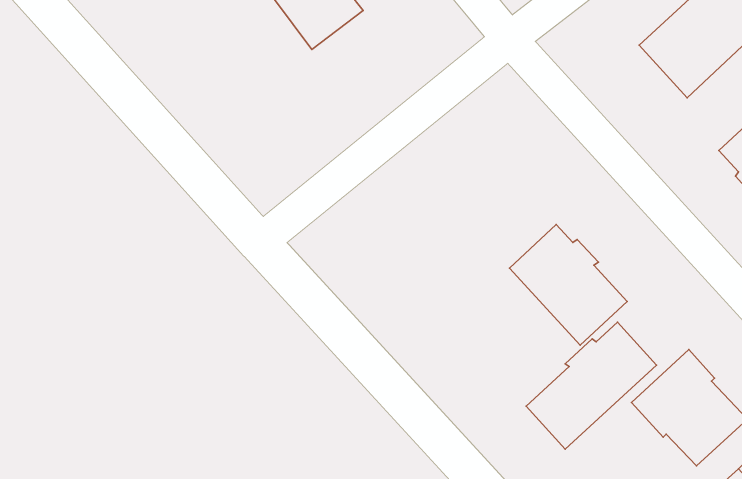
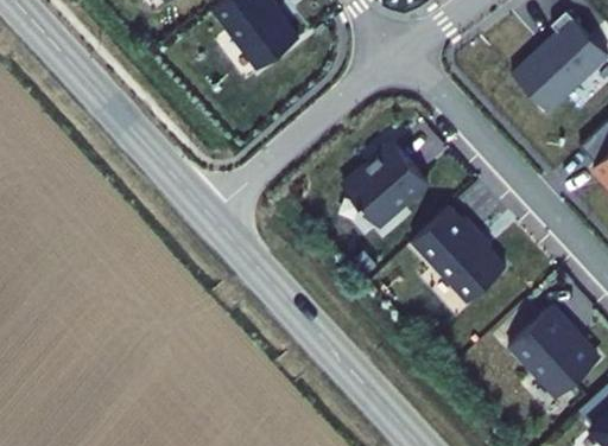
building: none -> [342,146,426,230]
building: [526,322,657,449] -> none

